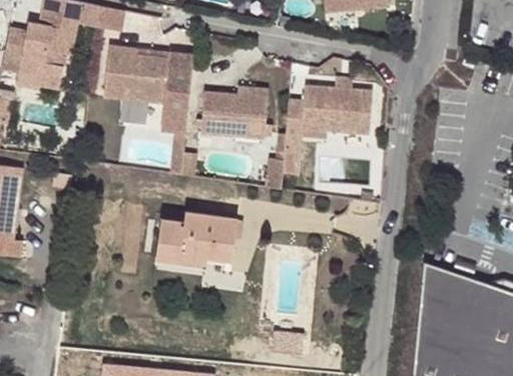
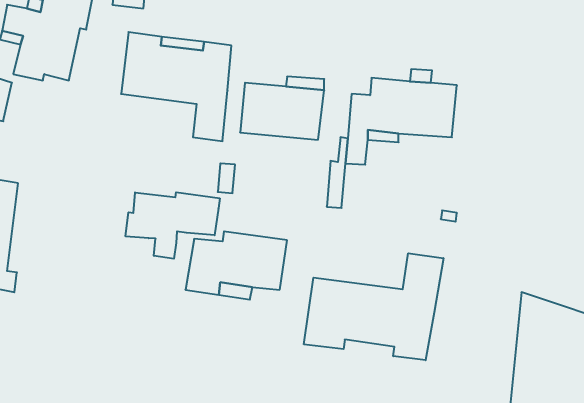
building: none -> [126,192,220,259]
building: none -> [304,253,443,360]

